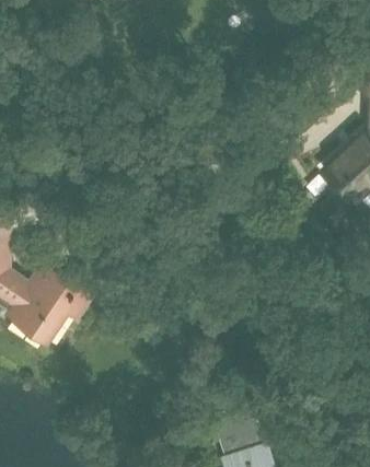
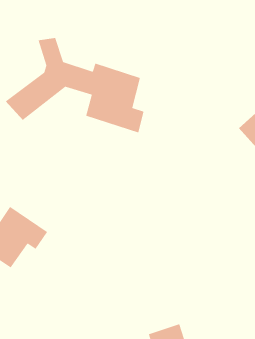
building: none -> [5,37,144,134]

